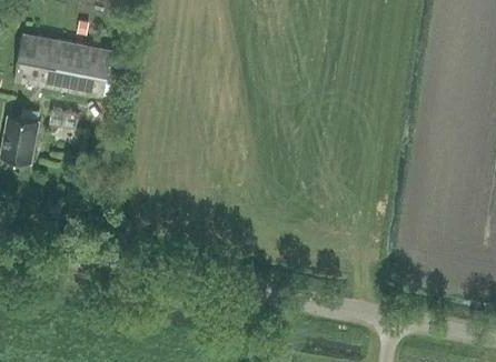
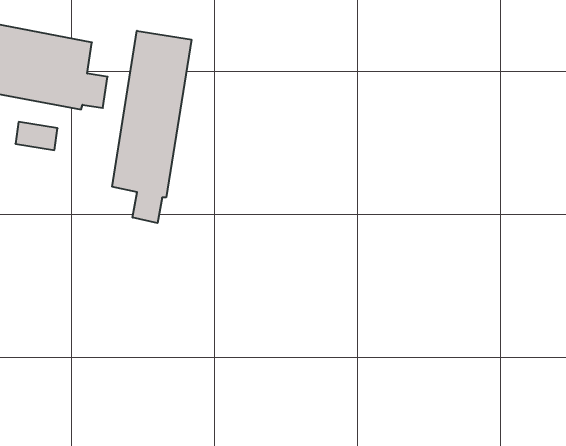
building: none -> [112,31,191,223]

